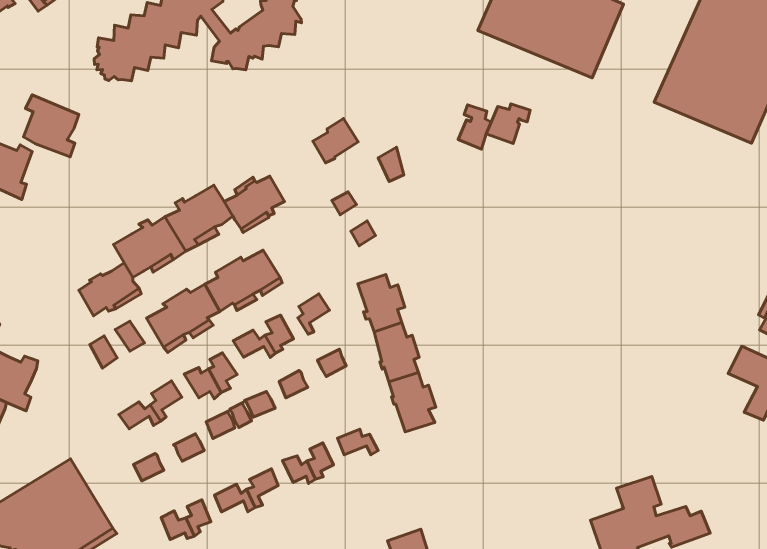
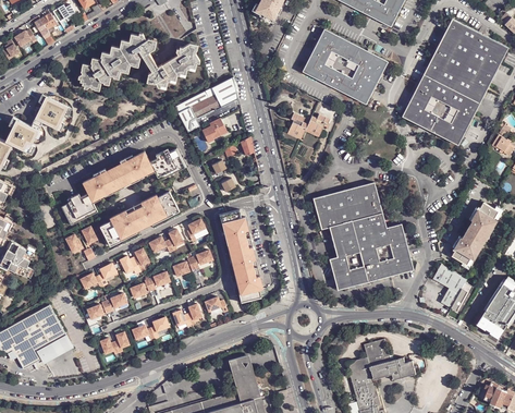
building: none -> [175,77,237,133]
building: none -> [312,180,413,288]

